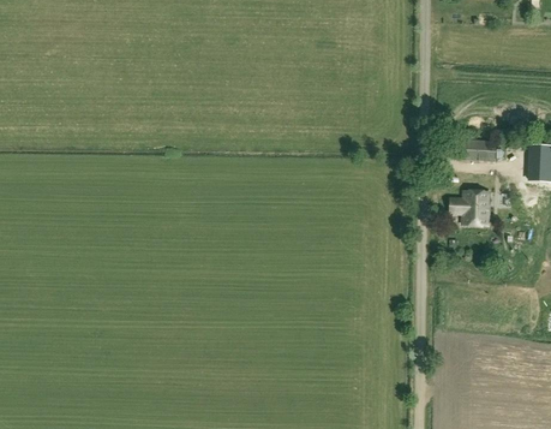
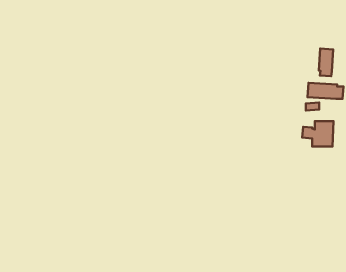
building: none -> [319,49,333,76]

